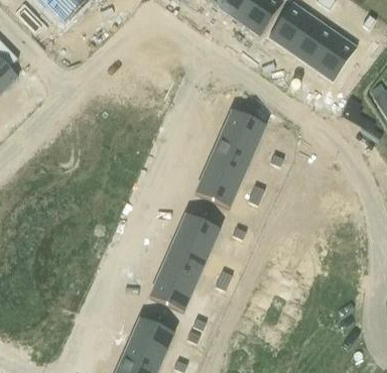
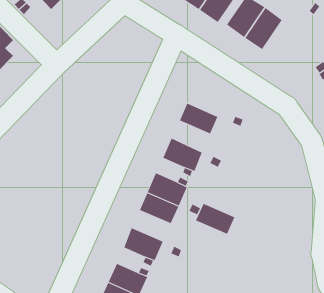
building: [309,32,355,82] -> none
building: [222,105,268,144] -> none
building: [204,148,249,185] -> none
building: [157,252,204,288] -> [195,203,235,235]

